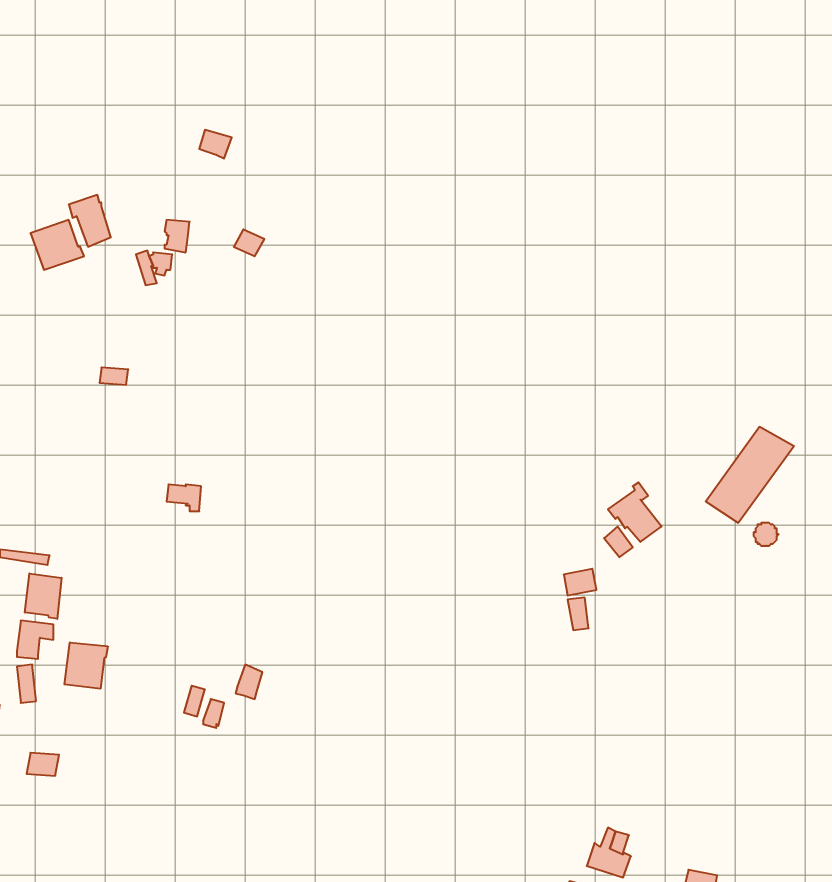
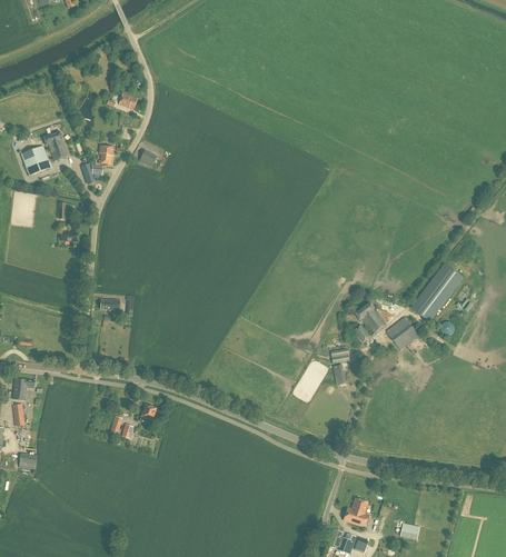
building: none -> [386,316,419,348]
building: [25,573,62,619] -> none
building: [64,642,108,689] -> none

